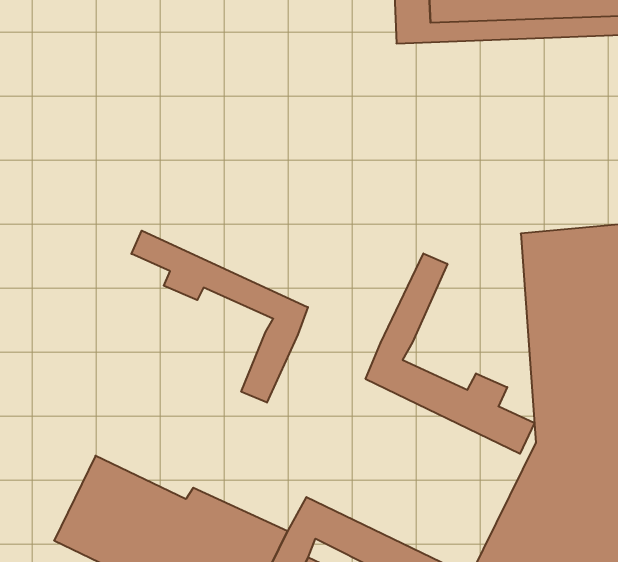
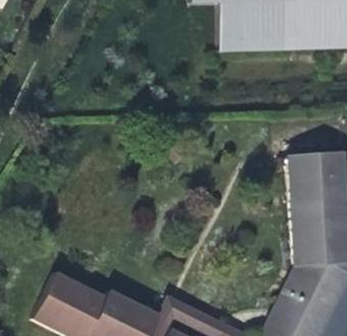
building: [131,231,308,403] -> none
building: [366,253,534,454] -> none

